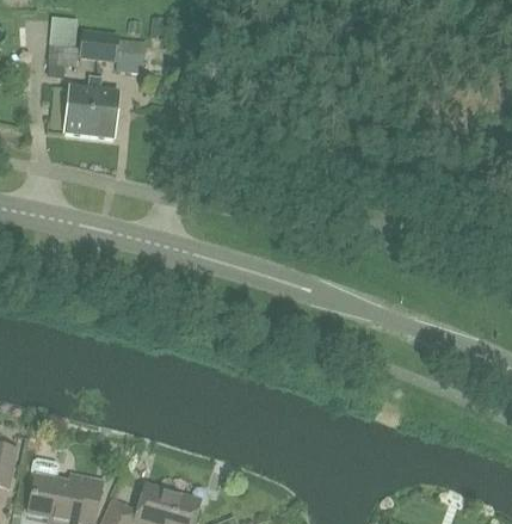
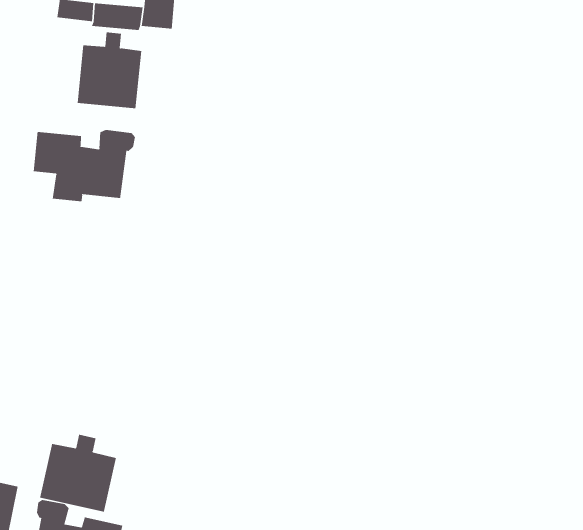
building: none -> [33,129,135,202]
building: none -> [40,434,116,513]

